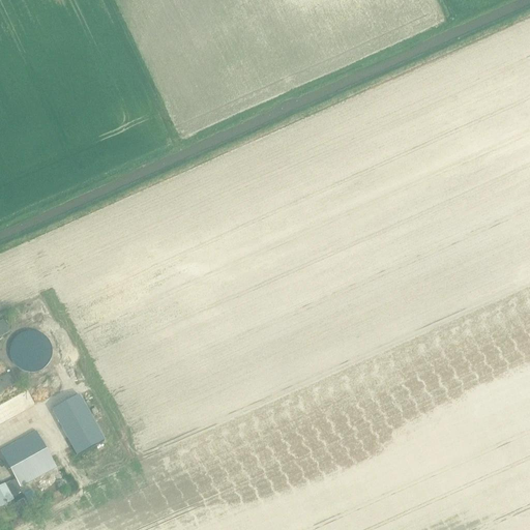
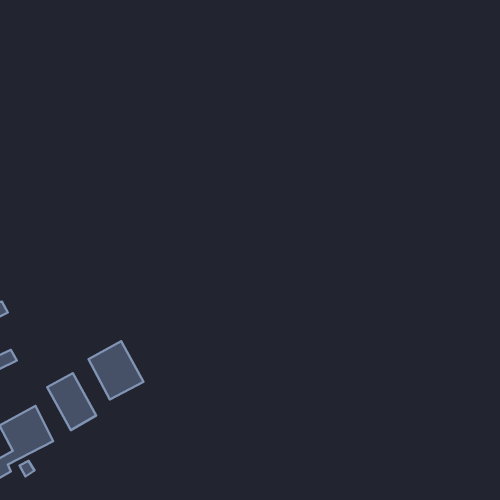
building: none -> [88,341,144,399]

